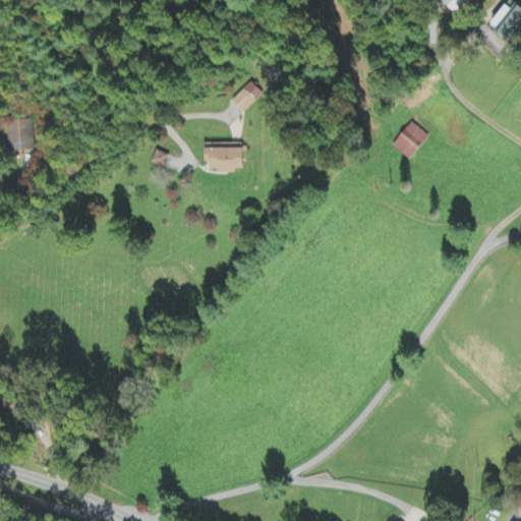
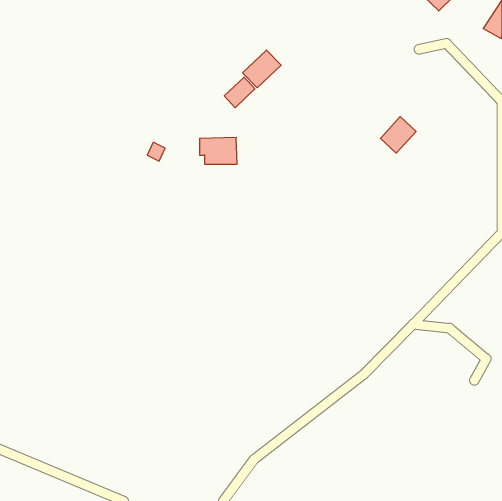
building: none -> [243,50,281,88]
building: [5,118,31,149] -> none

